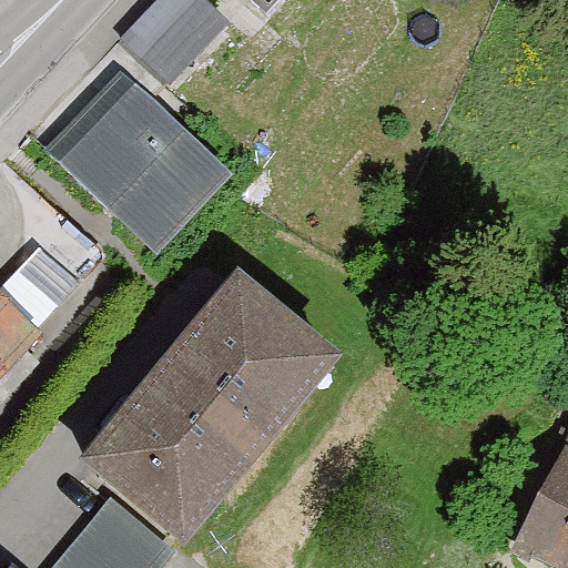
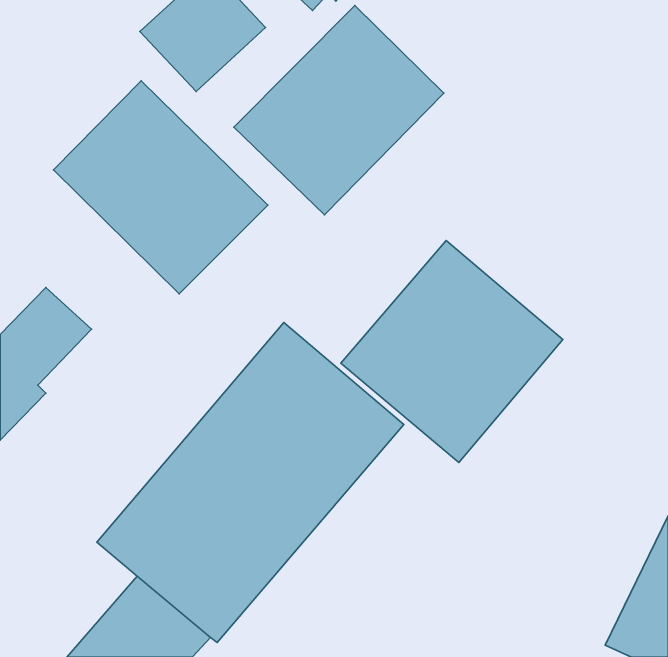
building: none -> [234,5,444,215]
building: none -> [341,240,563,462]

